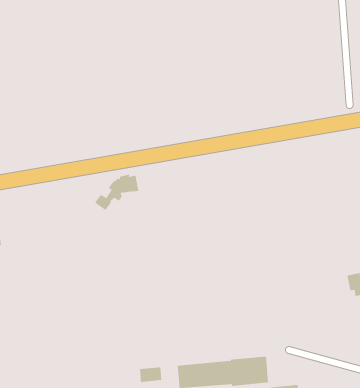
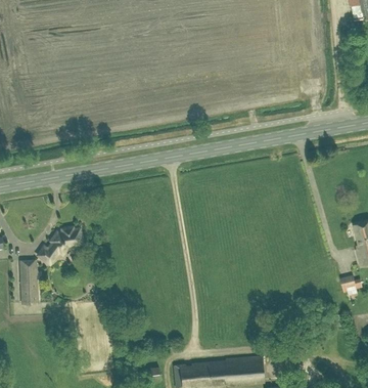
building: [94,174,139,211] -> [38,227,82,263]
building: none -> [18,259,38,304]

